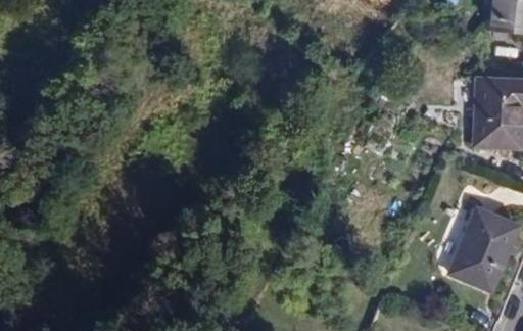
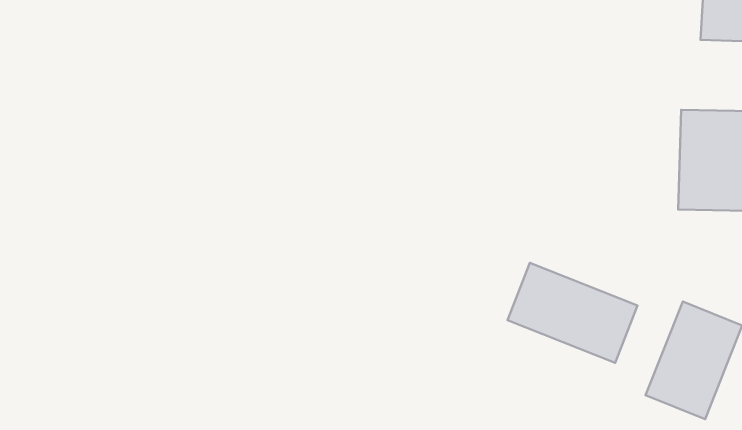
building: none -> [507,263,638,363]

